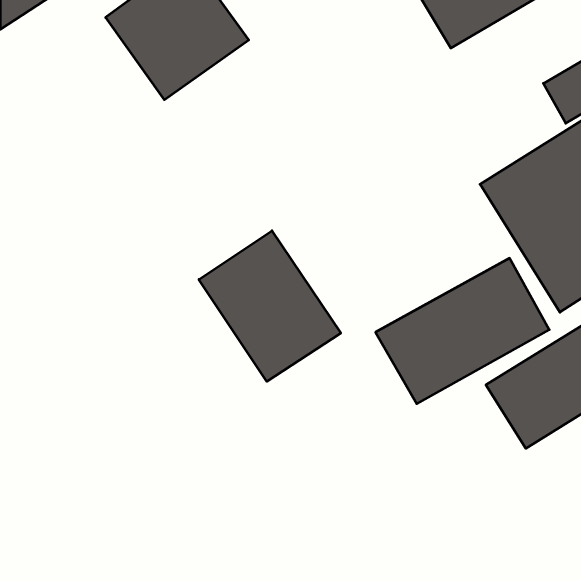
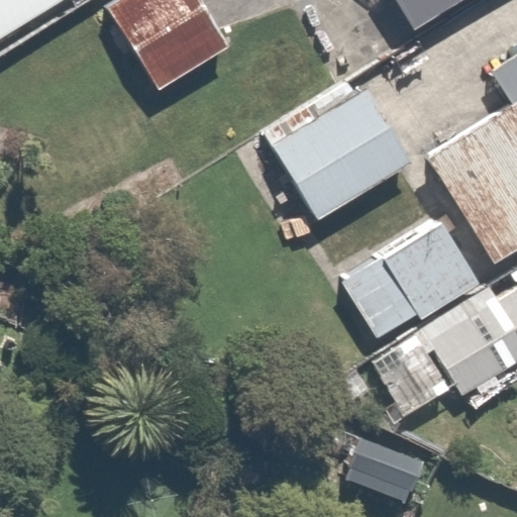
building: none -> [261,72,418,220]
building: [199,231,341,381] -> none

